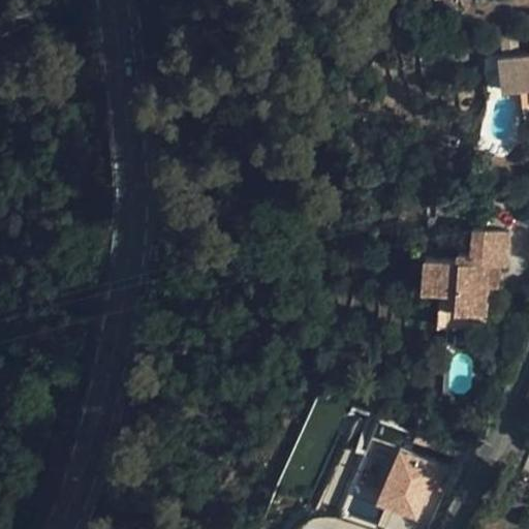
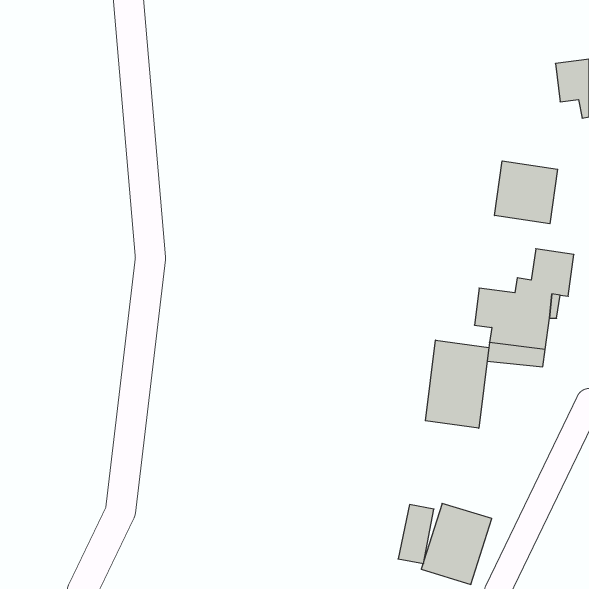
building: none -> [495,161,558,224]
building: none -> [425,340,489,428]

